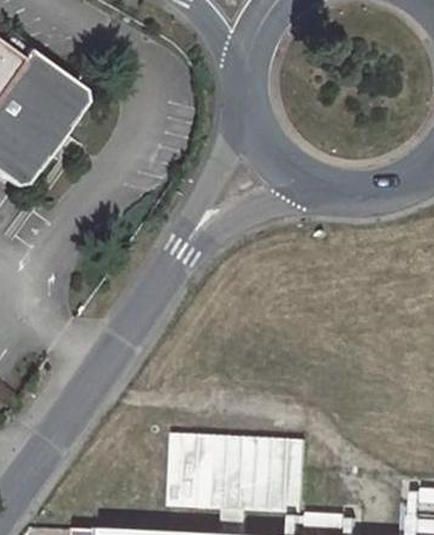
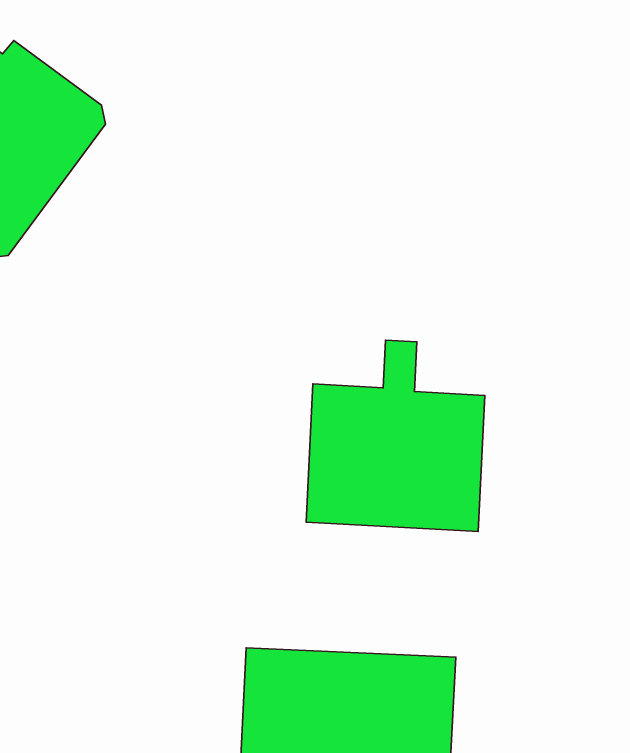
building: none -> [306,340,485,532]

